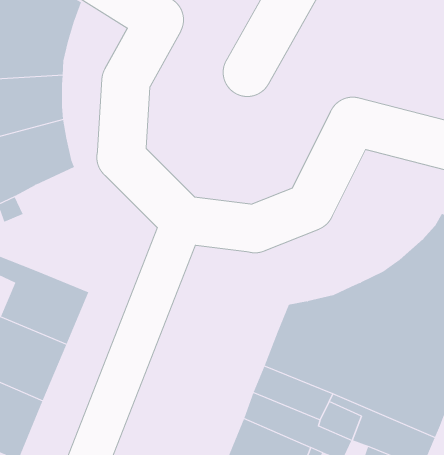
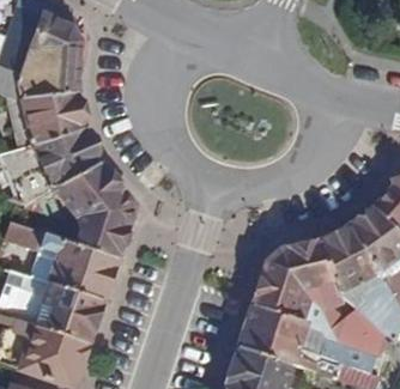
building: none -> [73,160,134,255]

